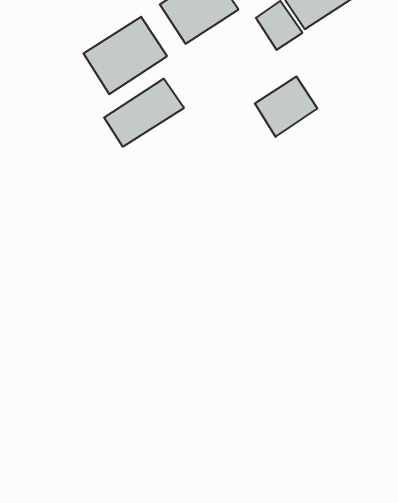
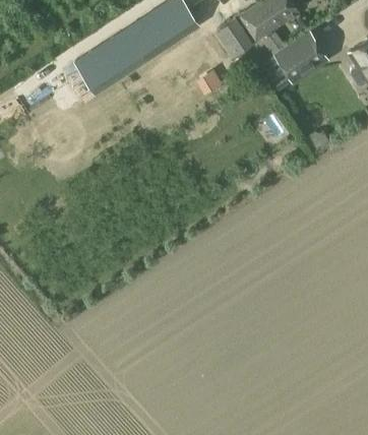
building: [255,77,317,137] -> [275,30,327,80]
building: [104,79,184,147] -> none

